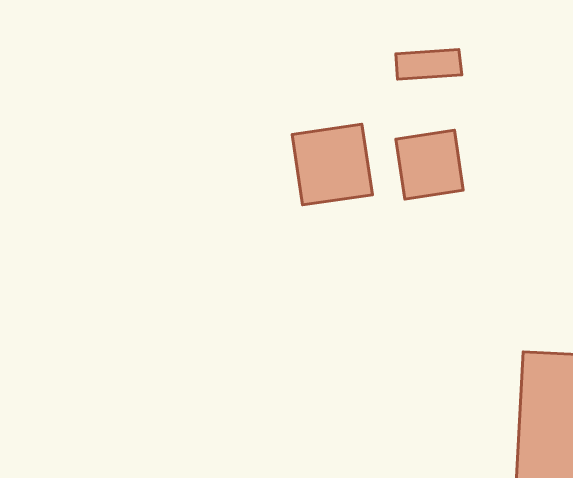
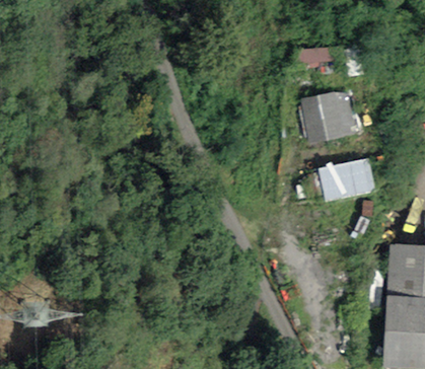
building: [292,124,372,205] -> none
building: none -> [329,156,385,200]

